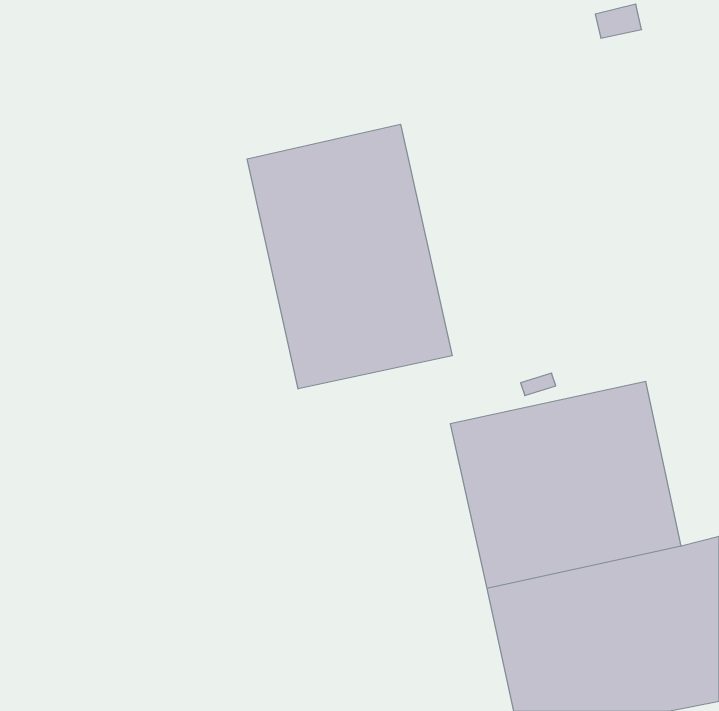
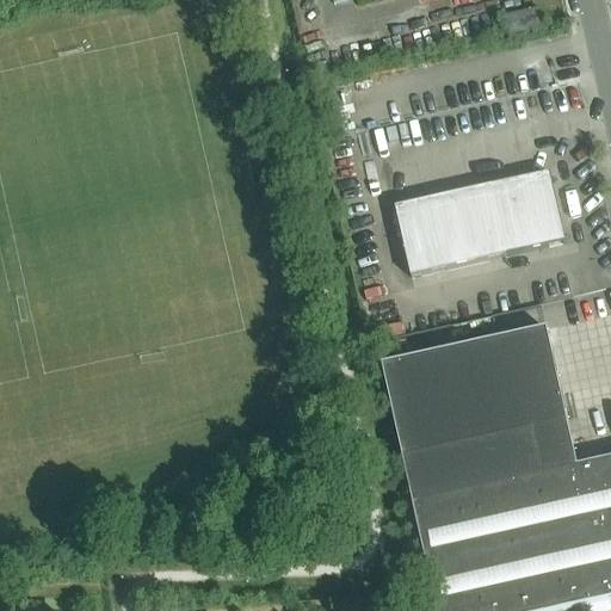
building: [247,124,452,389] -> none
building: none -> [395,168,566,273]

